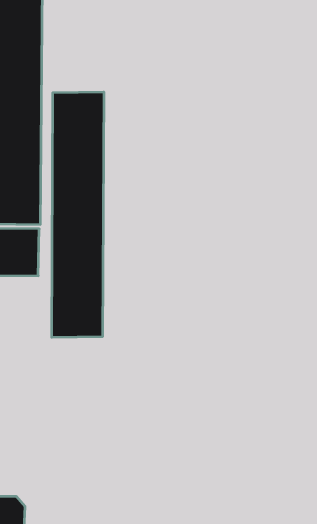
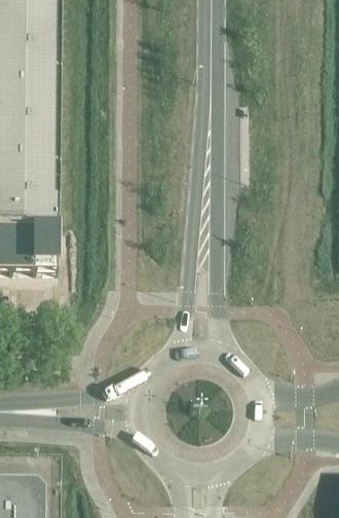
building: [52,92,104,337] -> none

